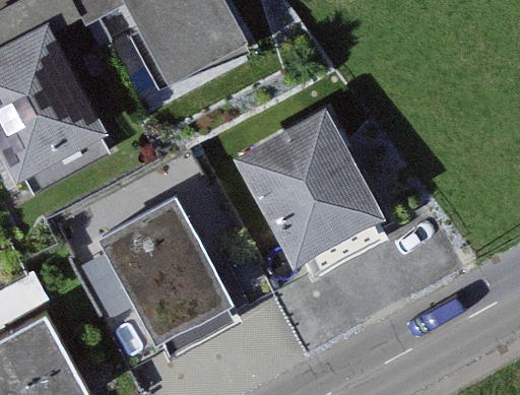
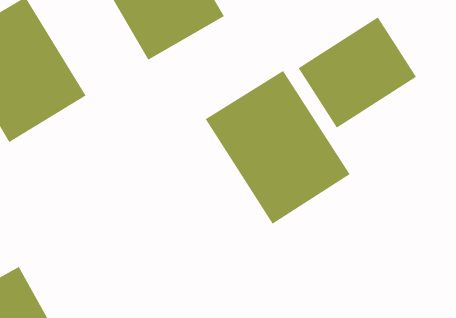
building: none -> [298,16,417,128]
building: [93,194,237,342] -> none

